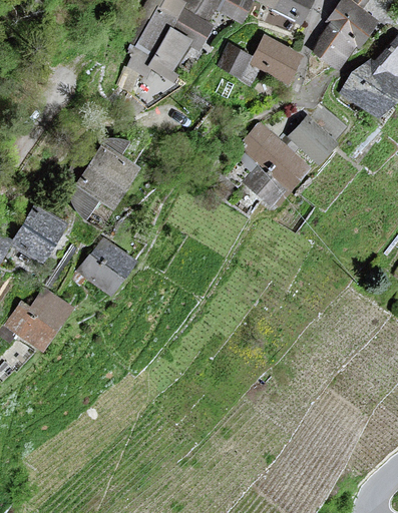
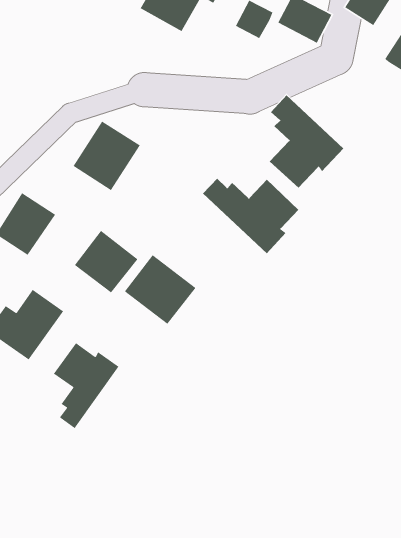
building: [291,118,337,163] -> none
building: none -> [202,178,299,254]
building: none -> [124,254,196,325]
building: none -> [53,342,120,429]

